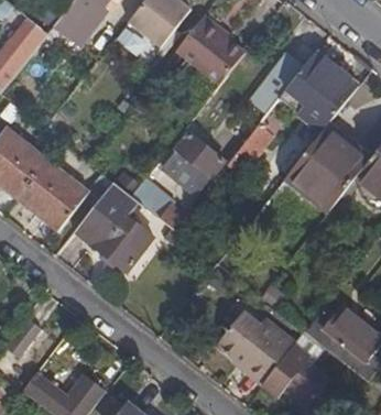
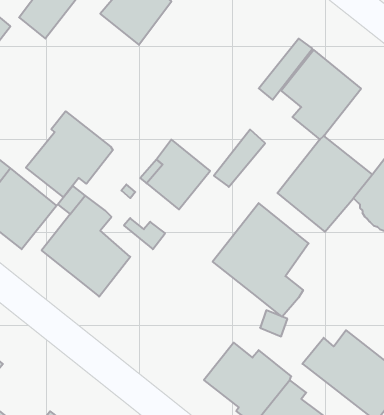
building: [173,18,242,87] -> none
building: none -> [26,111,113,197]
building: none -> [213,203,309,317]

